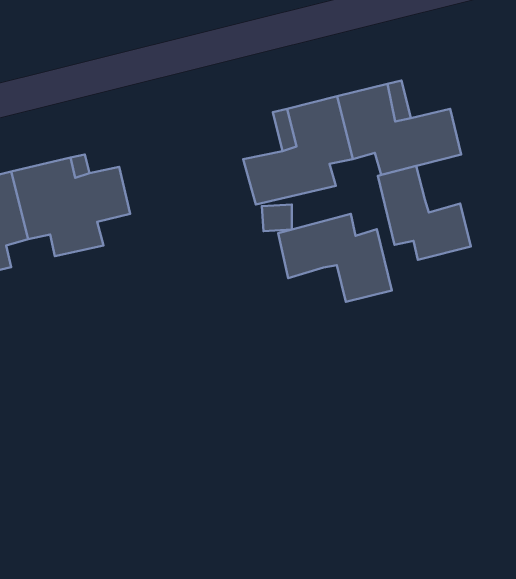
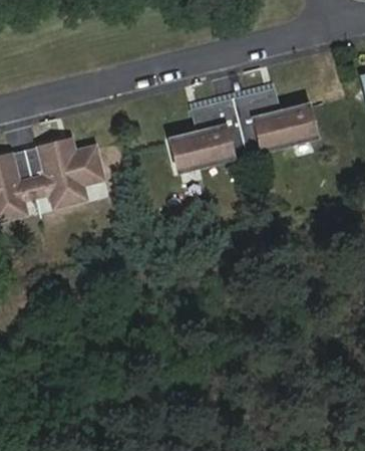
building: [378,166,471,260] -> none
building: [278,214,392,302] -> none

